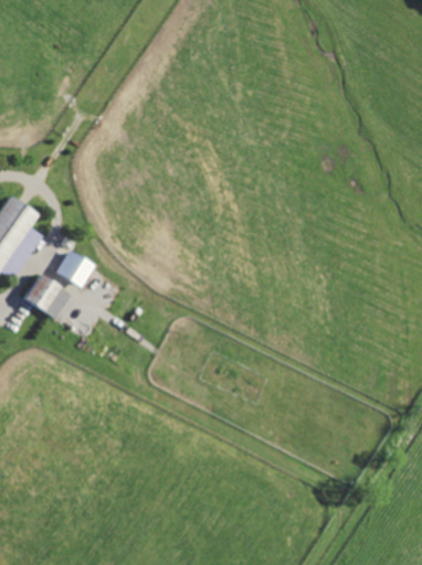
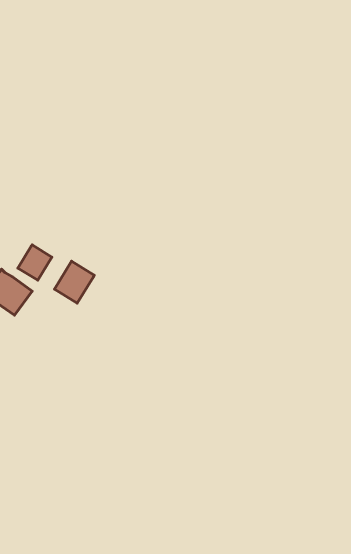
building: none -> [54,261,94,303]

